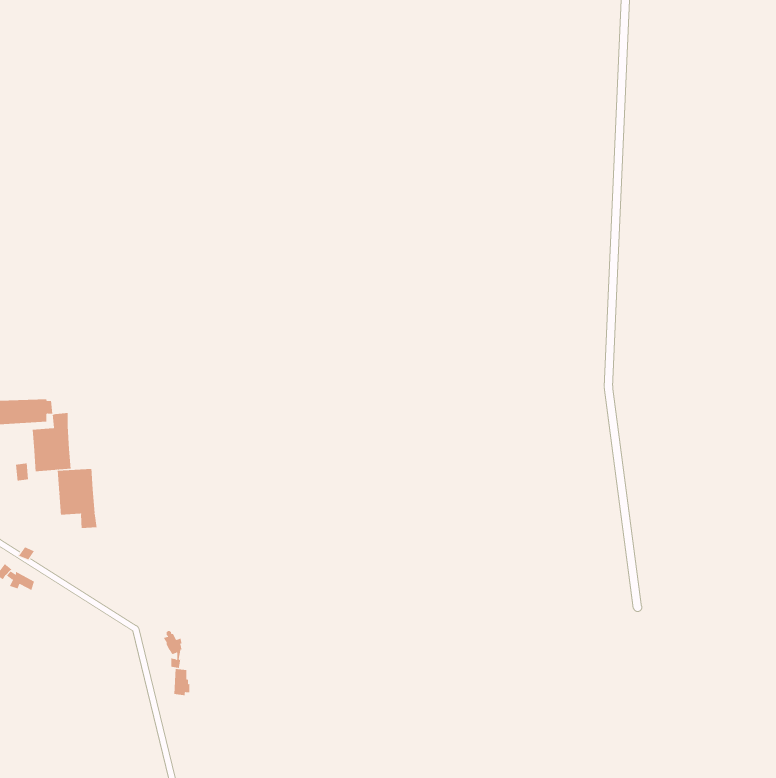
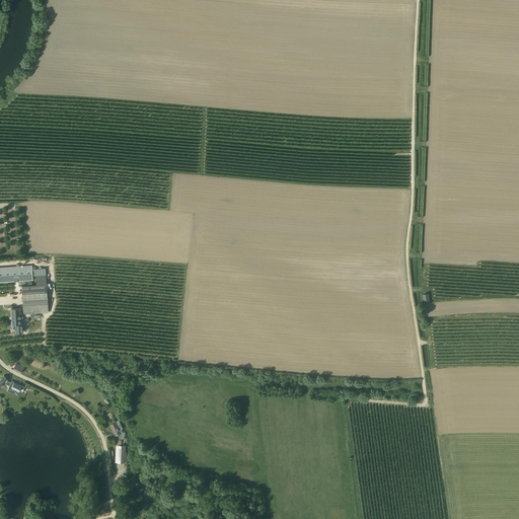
building: [57,468,97,529] -> none

